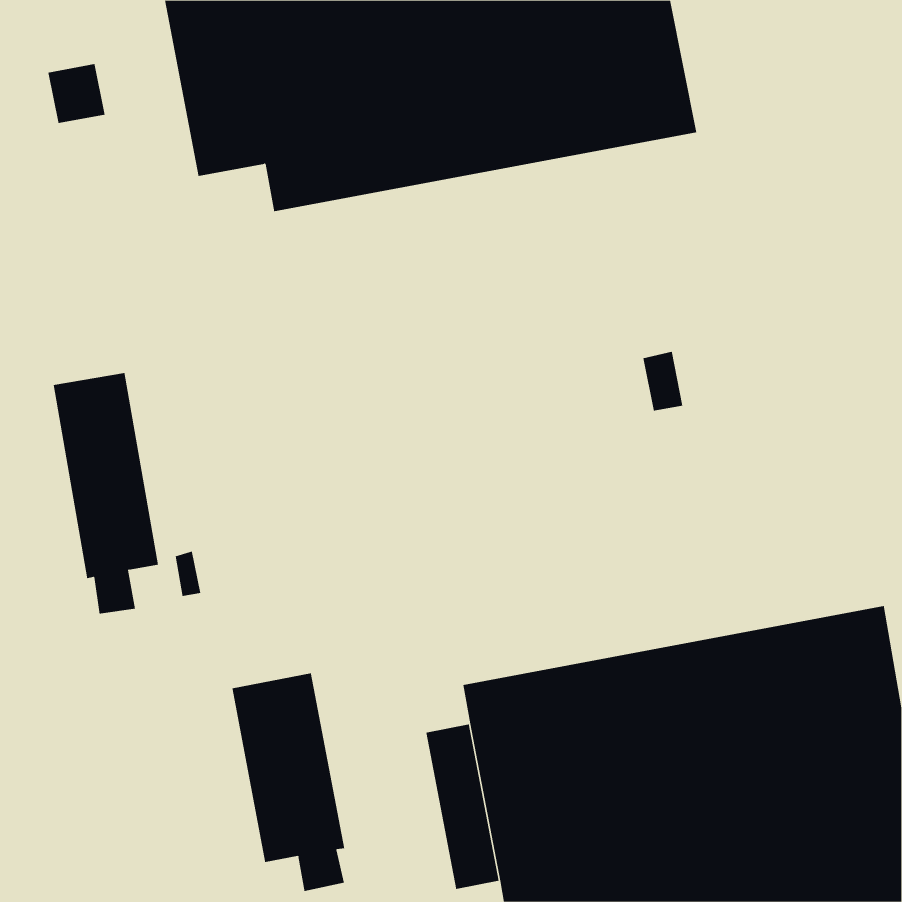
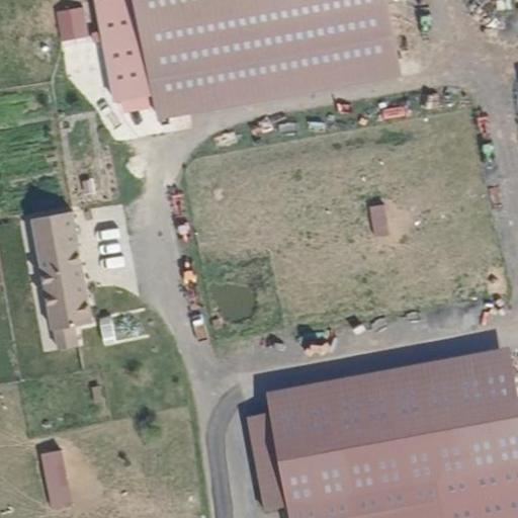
building: [47,64,106,124] -> [56,6,89,40]
building: [232,672,345,892] -> none
building: none -> [40,450,73,509]

